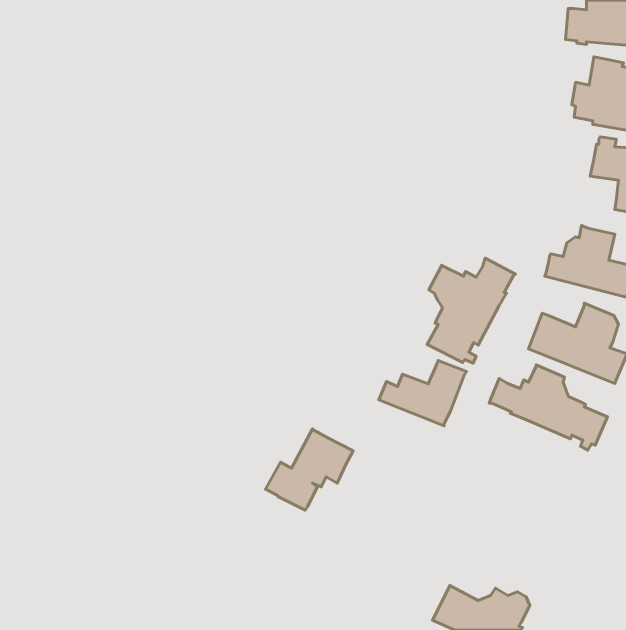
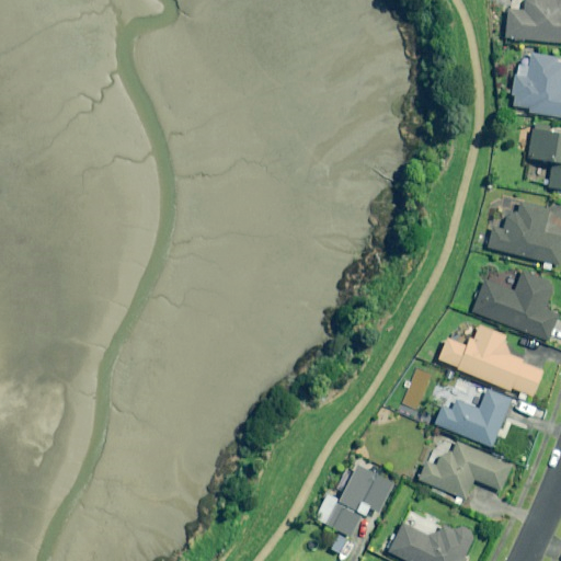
building: [427,258,515,363] -> none
building: [379,361,466,426] -> [435,388,513,446]
building: [266,429,353,510] -> [314,463,392,536]
building: none -> [417,440,513,503]

